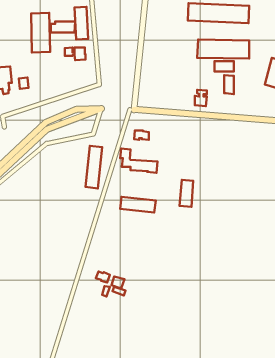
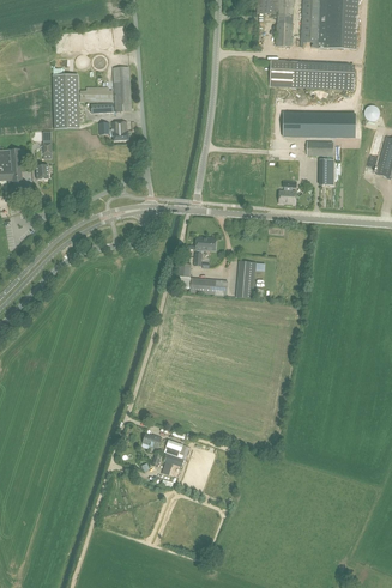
building: [86,146,102,188] -> none
building: [179,180,193,207] -> [235,261,254,298]
building: [120,197,156,213] -> none

